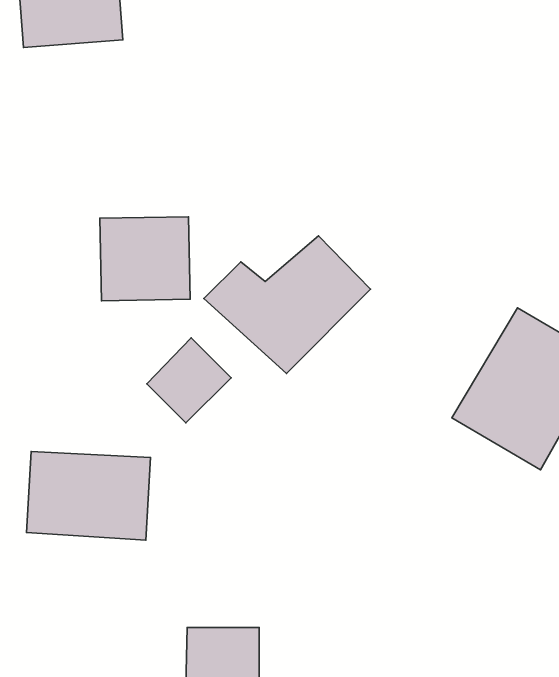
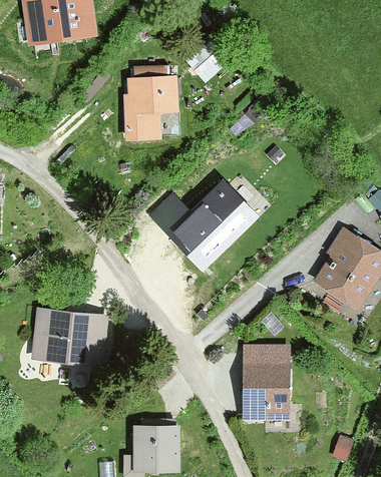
building: [100,217,190,301] -> [127,77,186,132]
building: [147,338,231,423] -> none
building: none -> [242,346,297,417]

